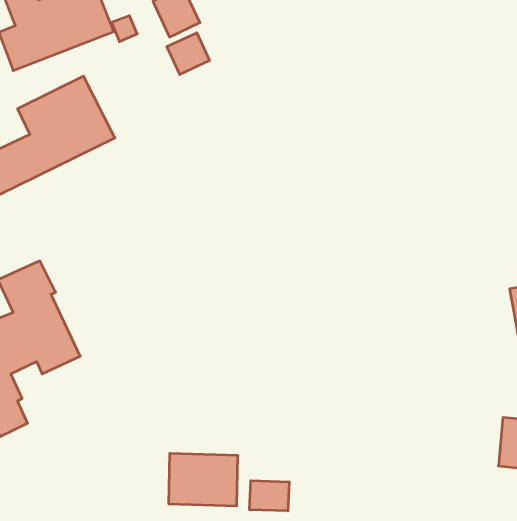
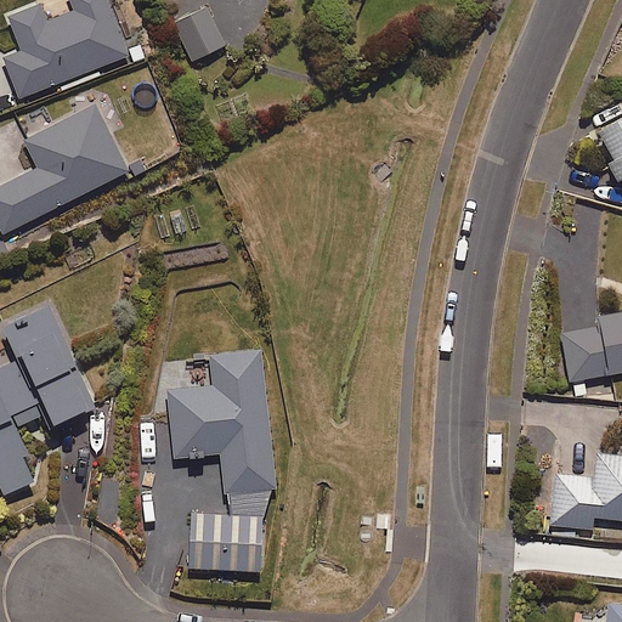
building: [167,33,209,75] -> none
building: none -> [168,347,277,493]
building: [250,481,289,511] -> none

